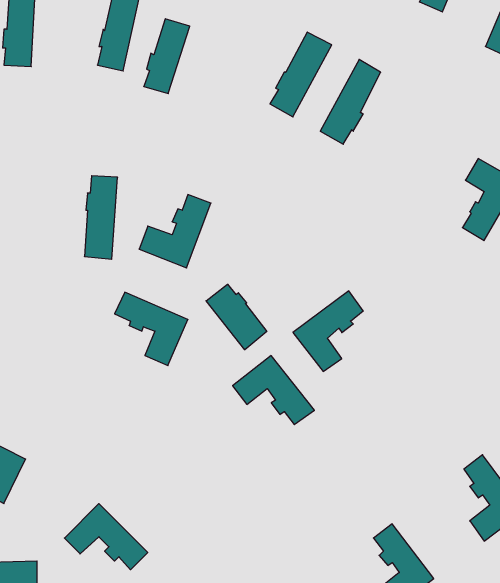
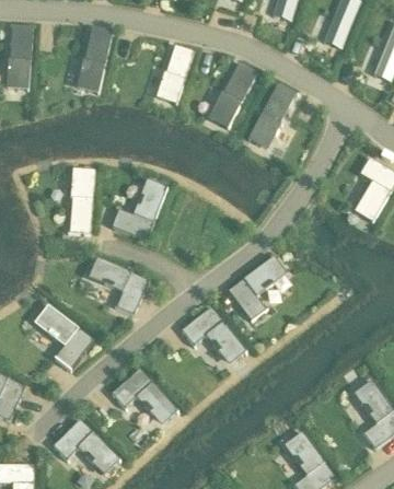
building: [144,19,190,94] -> [158,45,193,102]
building: [206,284,267,350] -> none
building: none -> [39,307,93,370]
building: none -> [112,369,174,420]

